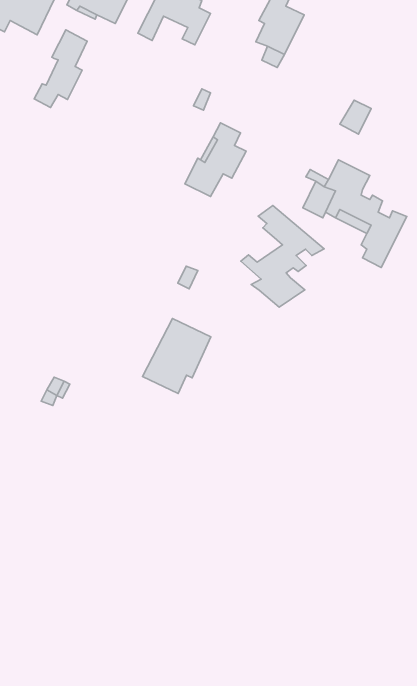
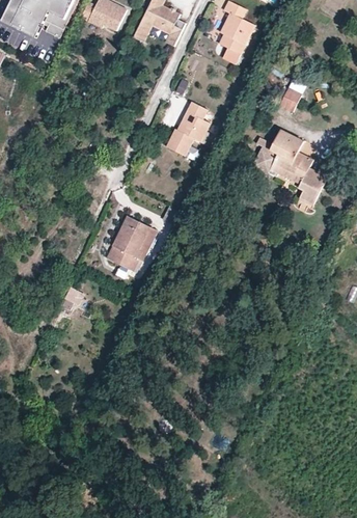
building: [34,30,87,108] -> none
building: [241,205,324,307] -> none
building: [143,318,211,394] -> [106,216,156,271]

